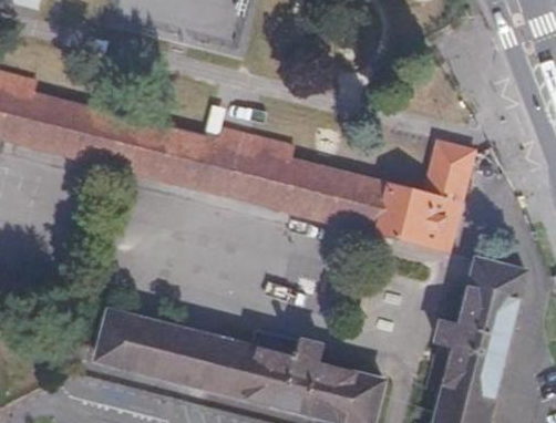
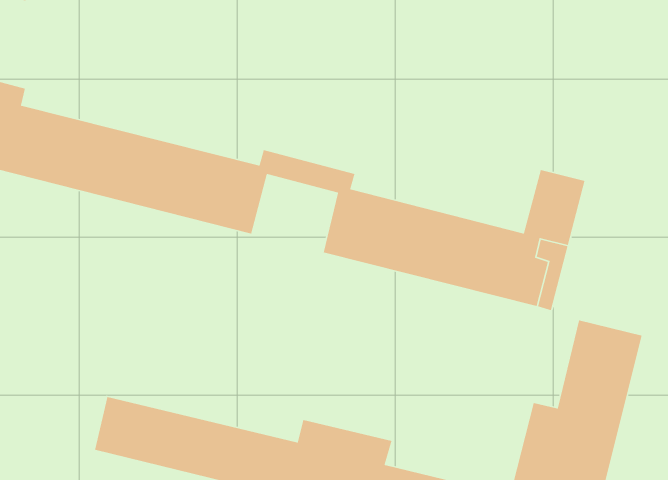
building: [216,147,282,208] -> none

